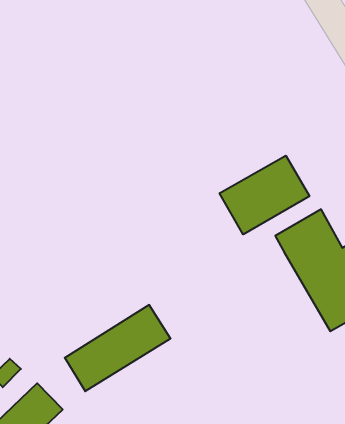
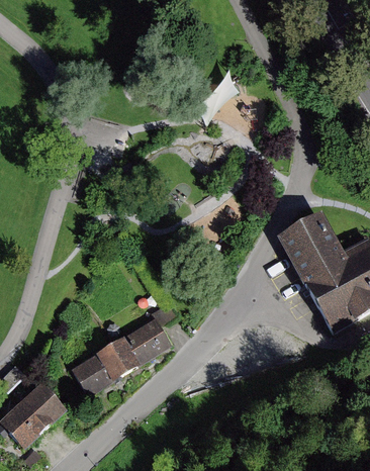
building: [220,156,309,234] -> none

